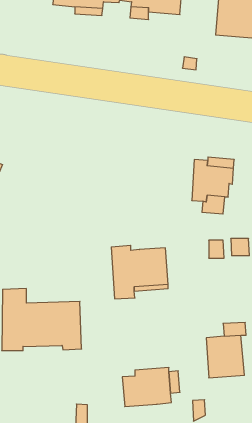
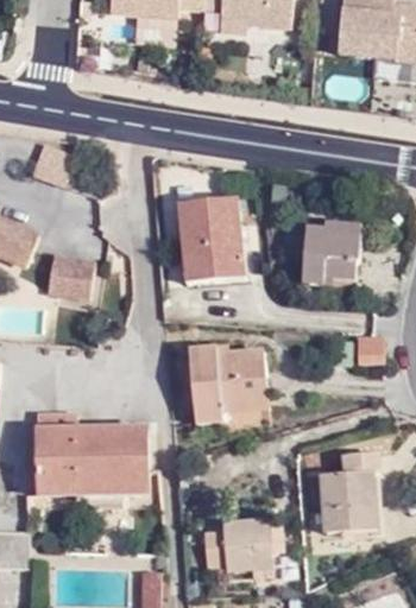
building: none -> [178,200,245,283]
building: none -> [45,255,93,298]

